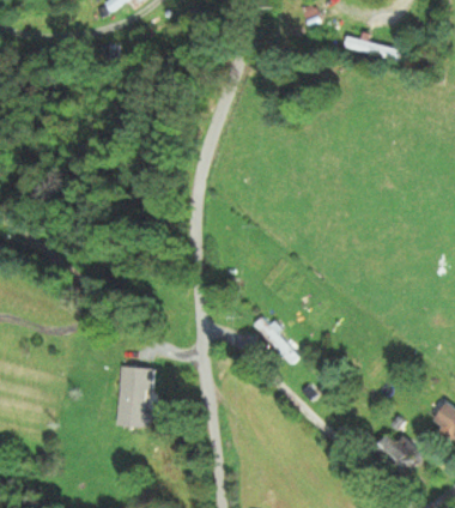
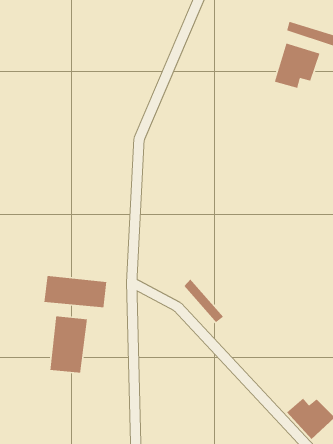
building: none -> [274,42,321,89]
building: none -> [44,275,107,308]

